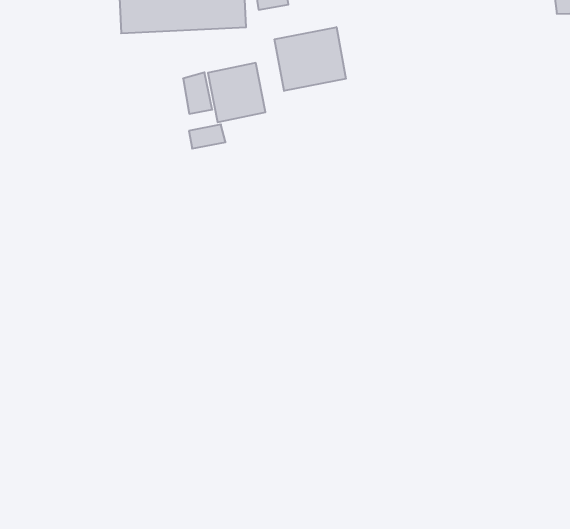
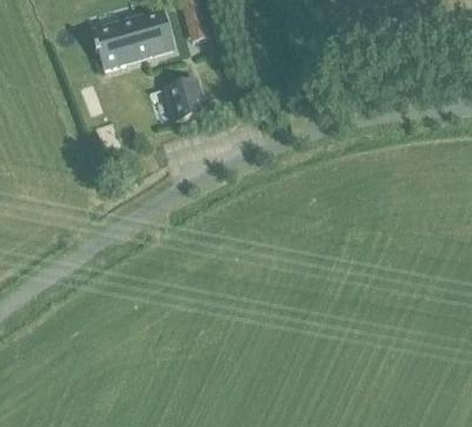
building: [275,27,346,91] -> none

